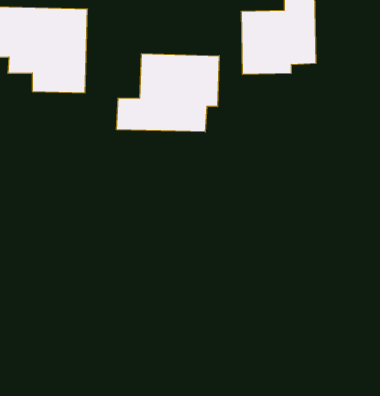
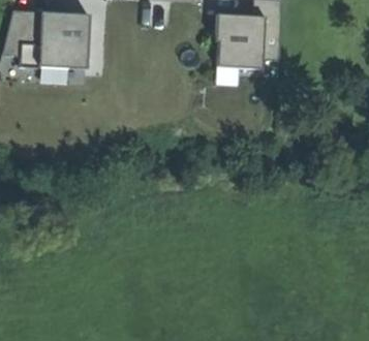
building: [117,54,219,132] -> none

